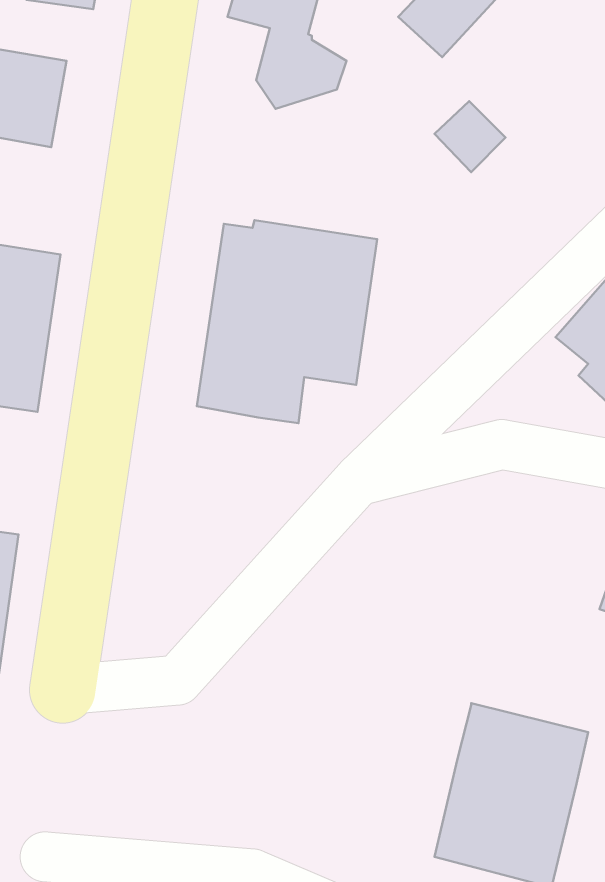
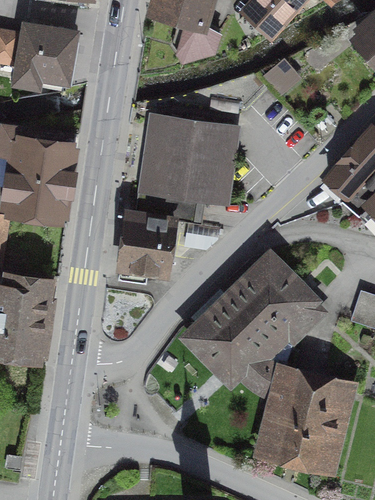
building: none -> [117,211,172,282]
building: none -> [185,254,321,397]

